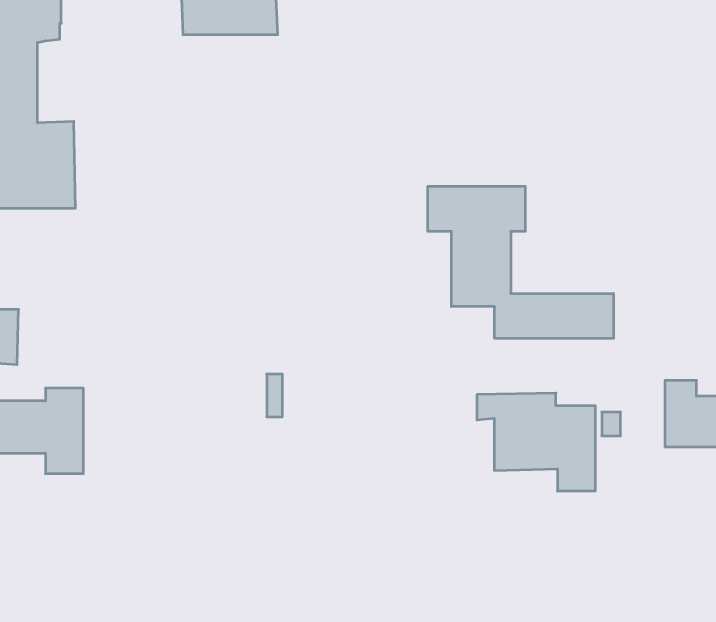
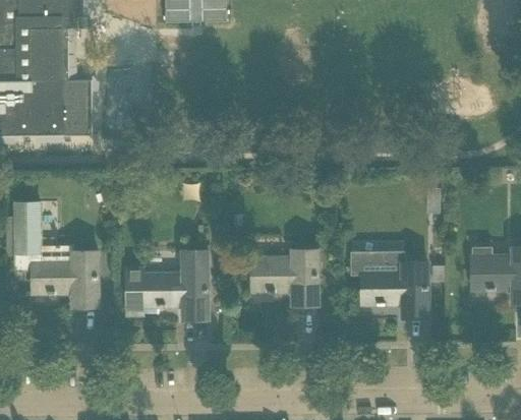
building: [428,186,613,338] -> none
building: none -> [252,250,317,304]
building: none -> [126,251,208,319]

